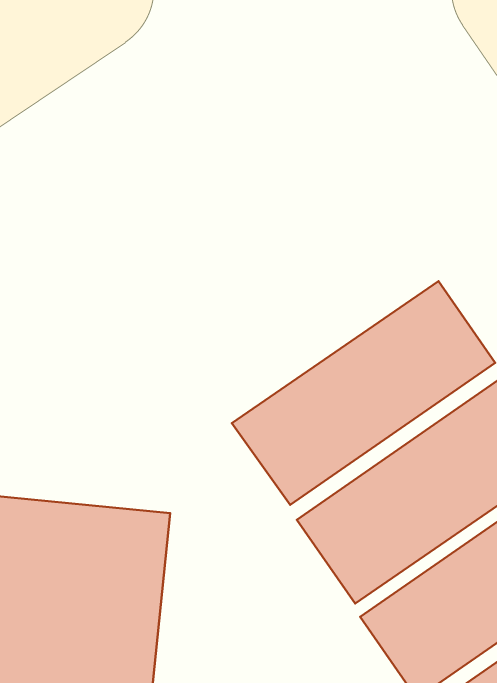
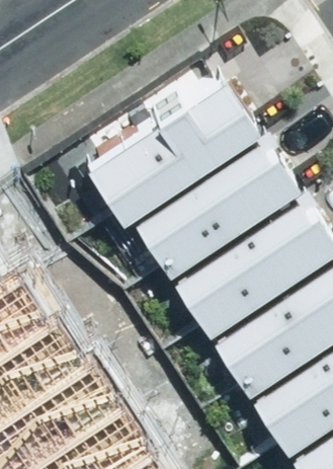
building: none -> [77,64,240,203]
building: none -> [124,120,285,258]

